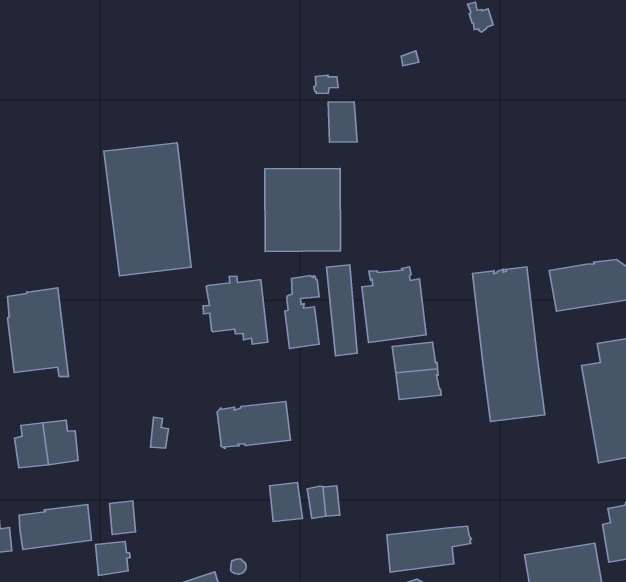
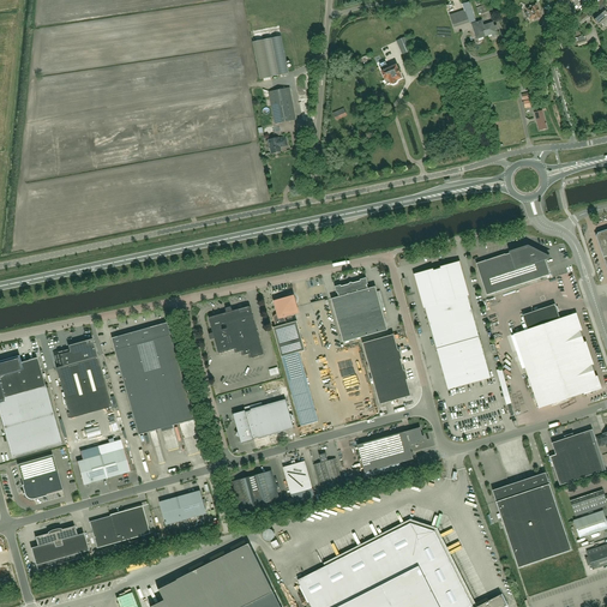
building: [328,102,357,142] -> [269,88,296,122]
building: [104,143,191,276] -> [112,321,194,433]
building: [265,168,340,251] -> none
building: [327,265,357,356] -> [281,354,315,427]
building: none -> [374,374,411,403]
building: none -> [233,470,280,510]
building: [387,526,472,572] -> [357,427,425,473]
building: [96,542,130,575] -> [178,489,206,519]

